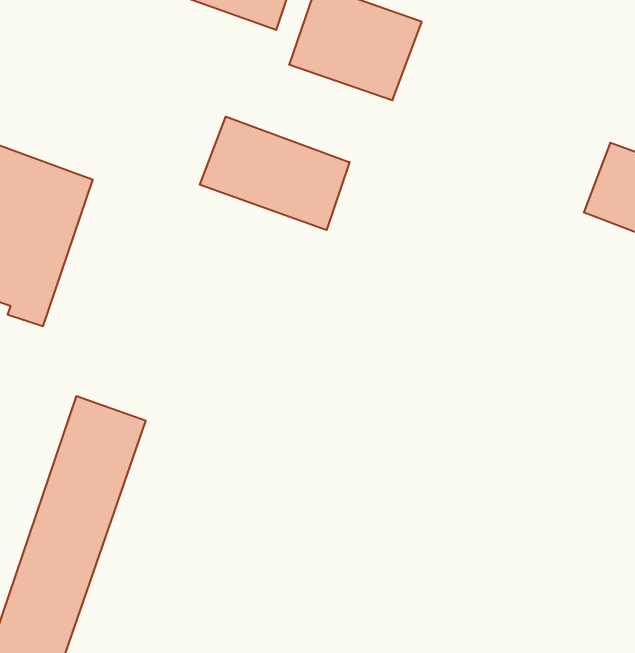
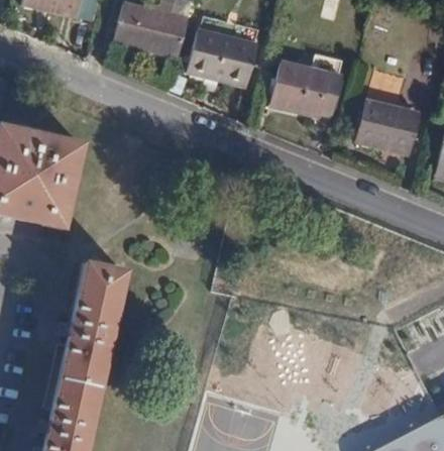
building: none -> [266,61,338,112]
building: [200,117,350,230] -> none

